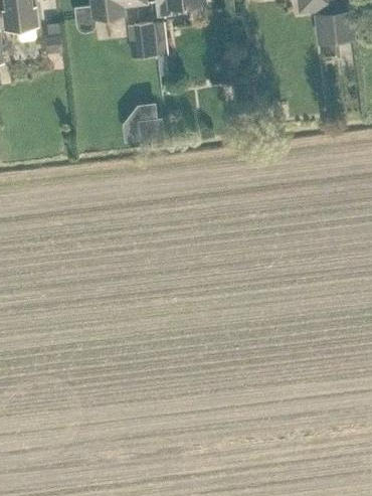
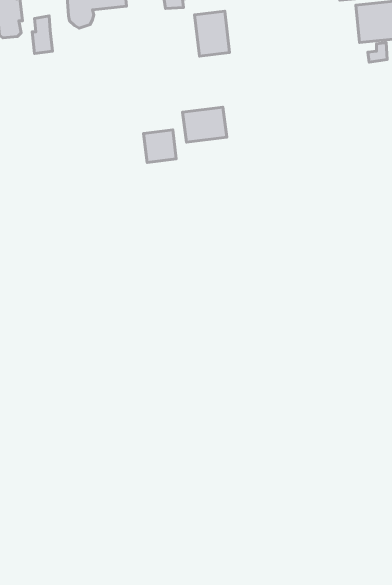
building: [128,20,157,57] -> [194,11,230,56]
building: none -> [182,107,227,142]

